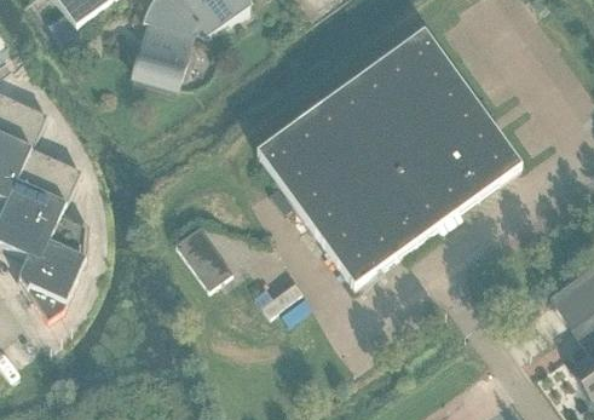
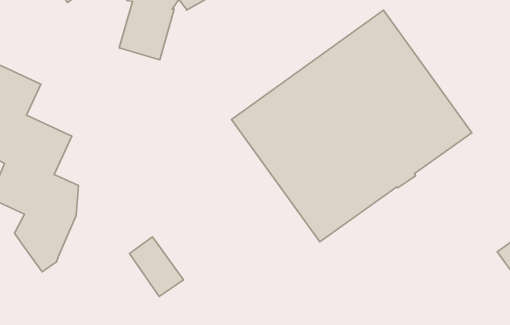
building: [175,225,235,290] -> [129,237,183,296]

